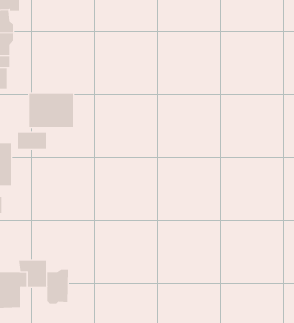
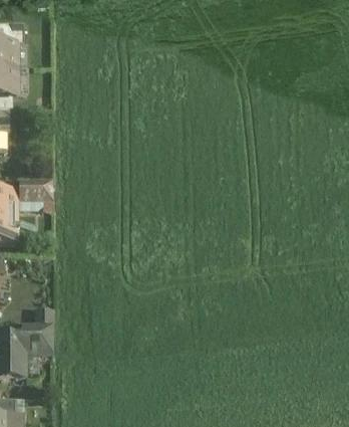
building: [29,93,73,128] -> none
building: [47,269,69,304] -> none

